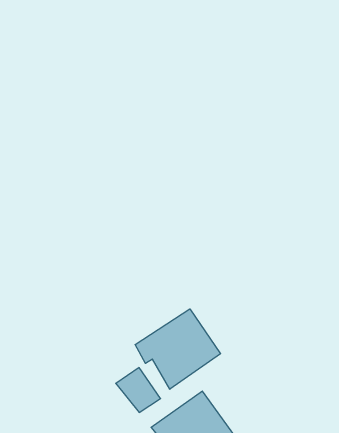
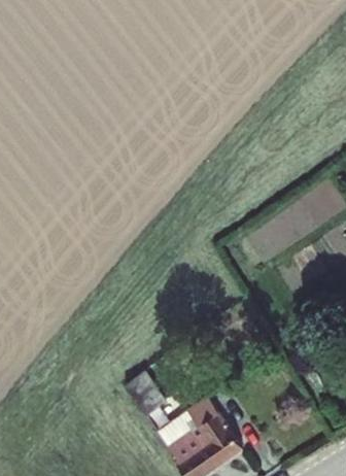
building: [135,309,221,389] -> none

